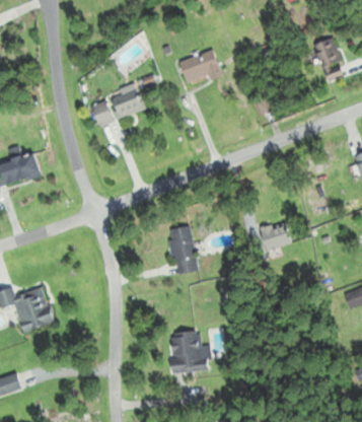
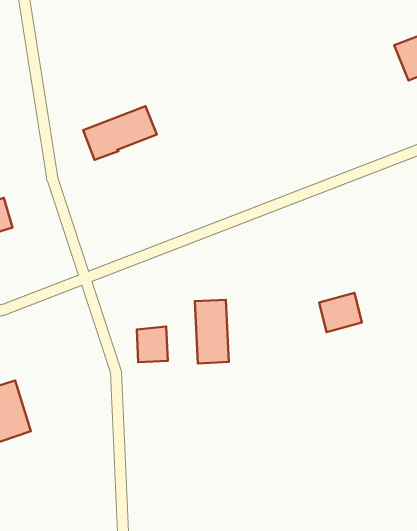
building: [183,55,221,83] -> none
building: none -> [137,327,168,362]
building: [170,332,204,371] -> none

